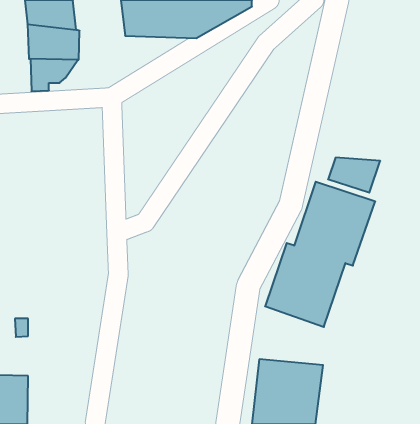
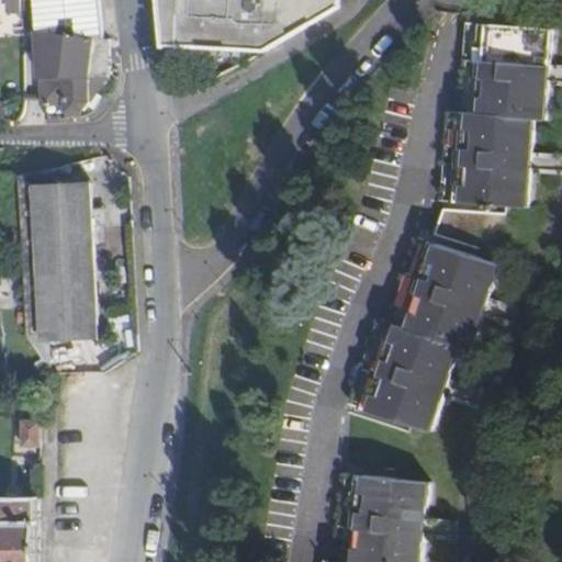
building: none -> [443,24,550,207]
building: none -> [16,171,97,339]

